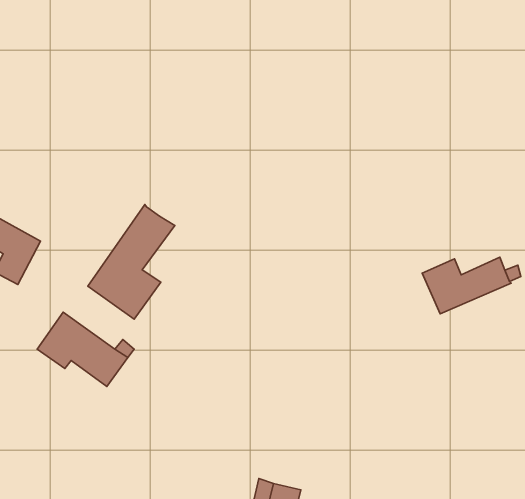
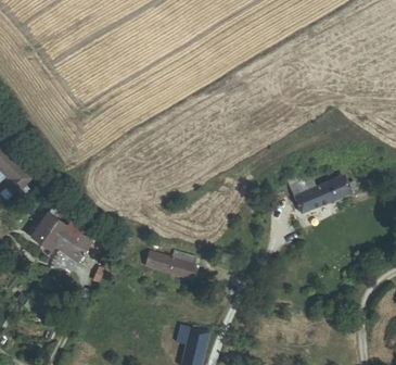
building: [88,205,175,319] -> none
building: none -> [145,252,195,279]

